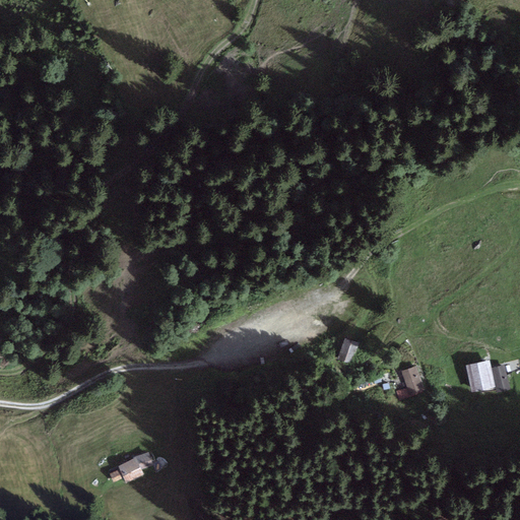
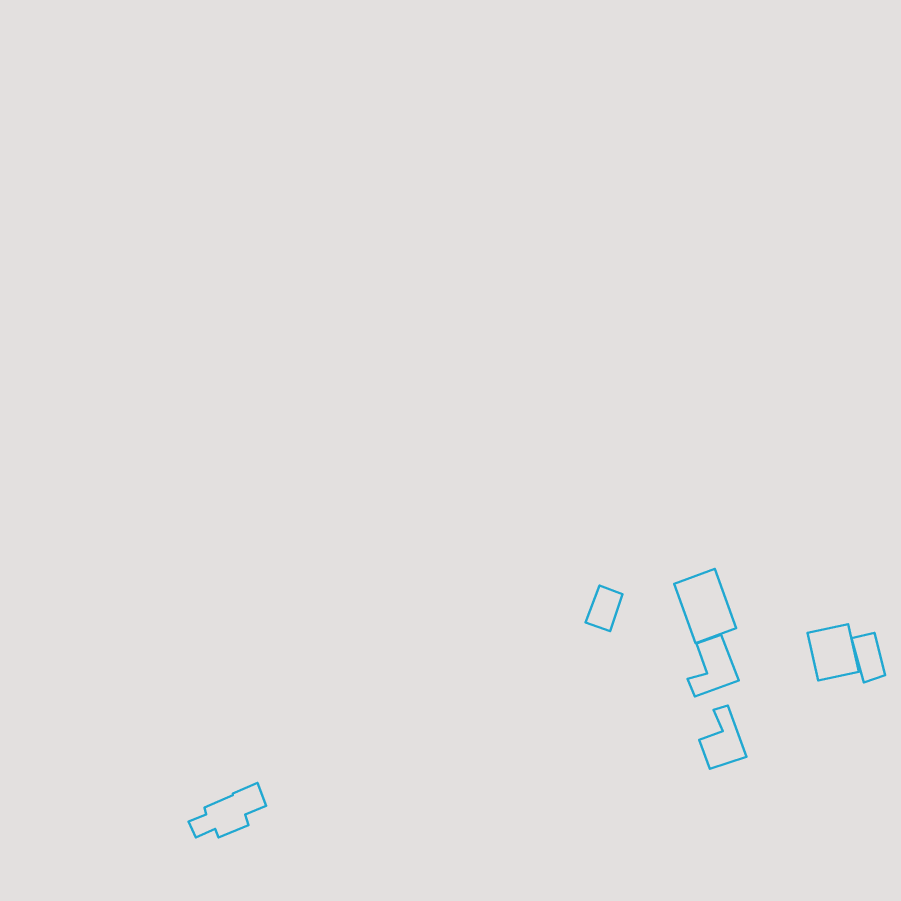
building: none -> [674,569,736,643]
building: none -> [699,705,746,769]

